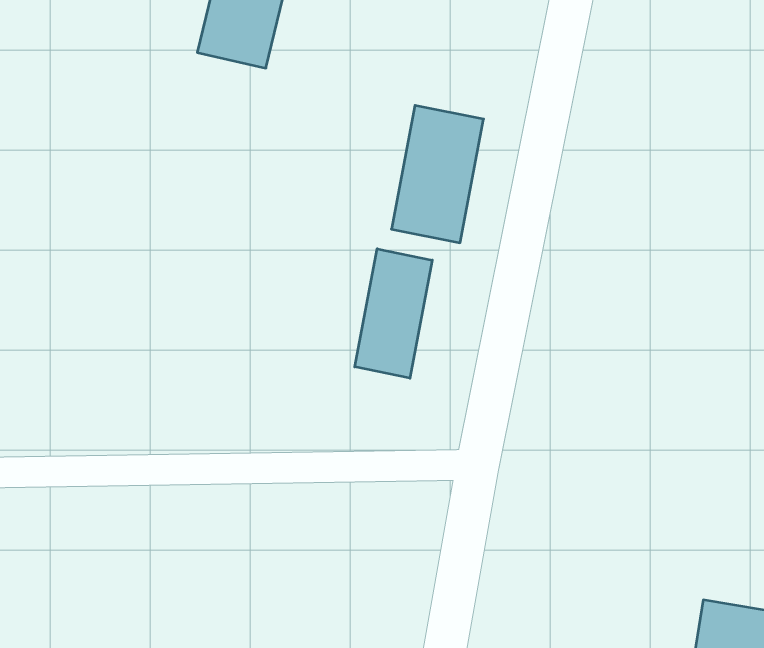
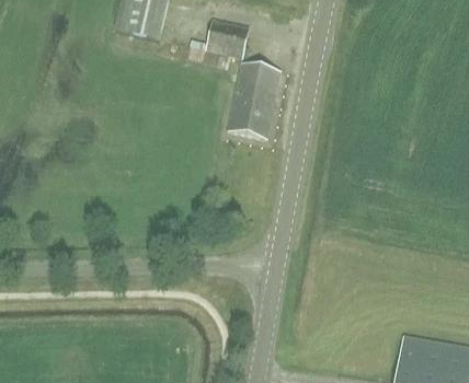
building: none -> [202,18,249,63]
building: [355,249,432,378] -> none

